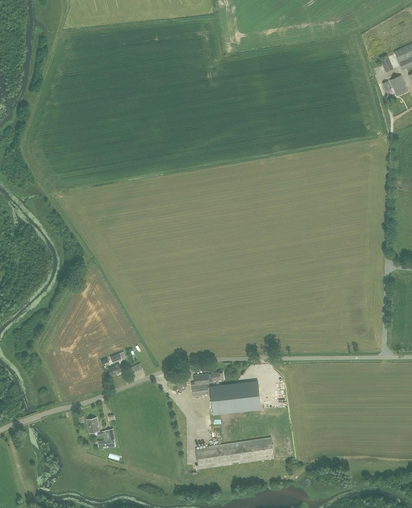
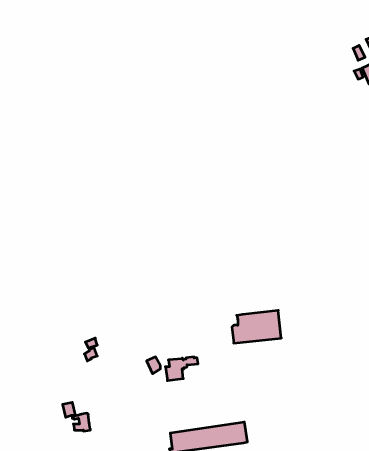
building: [210,380,260,413] -> [232,310,281,343]

